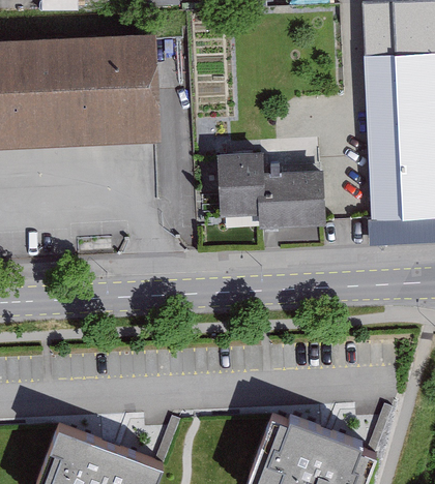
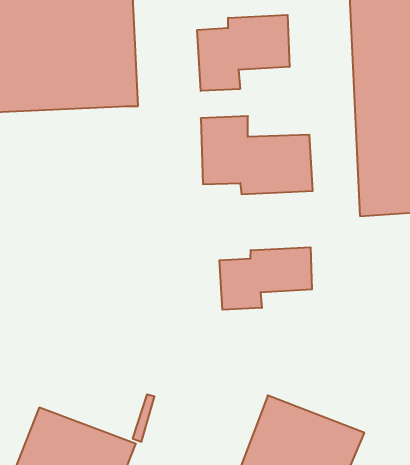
building: none -> [197,15,289,91]
building: none -> [219,247,312,310]

